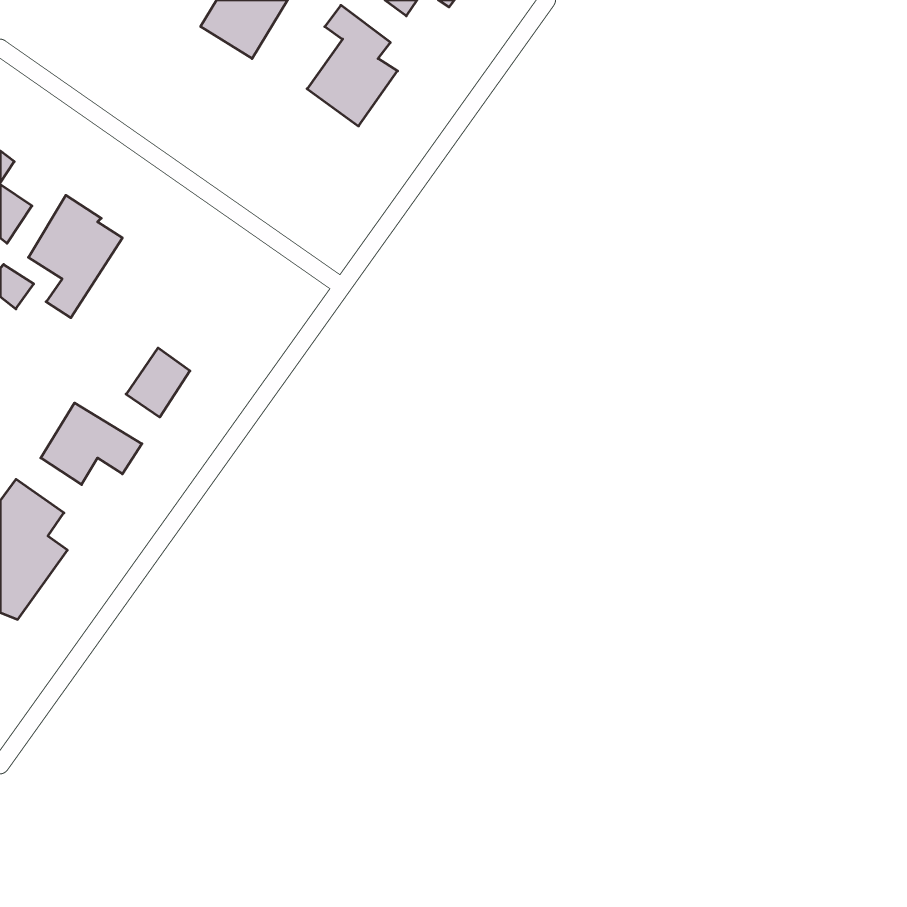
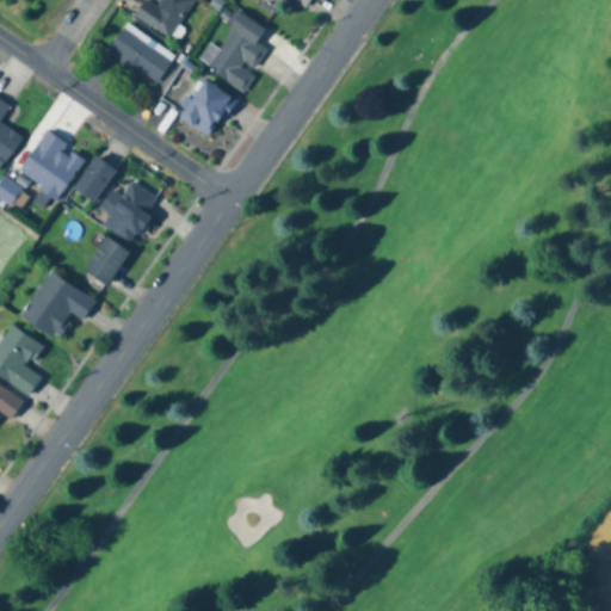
building: none -> [106,26,173,87]
building: none -> [178,76,234,135]
building: none -> [73,159,117,205]
building: none -> [101,180,156,236]

